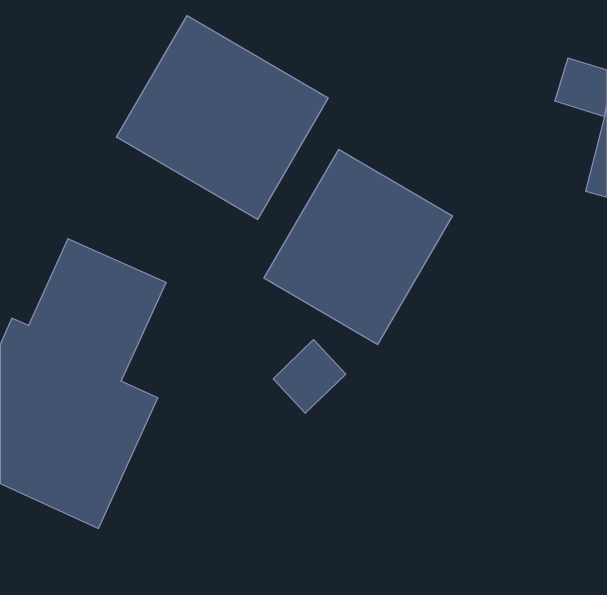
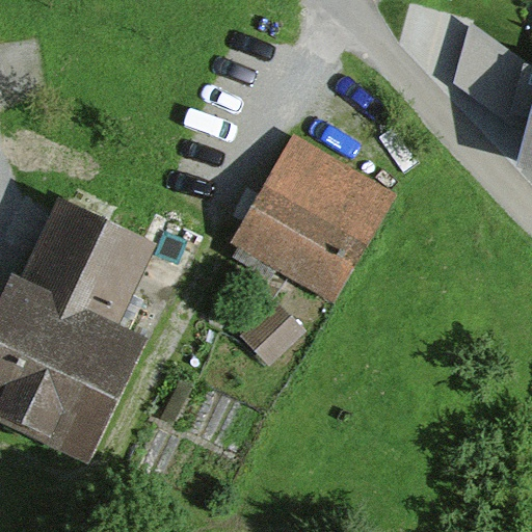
building: [116,16,328,219] -> none

